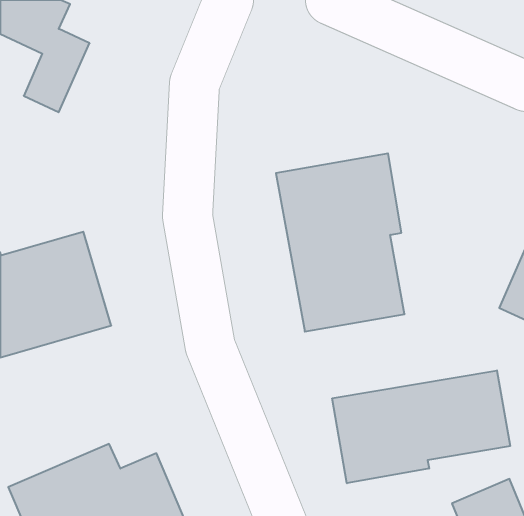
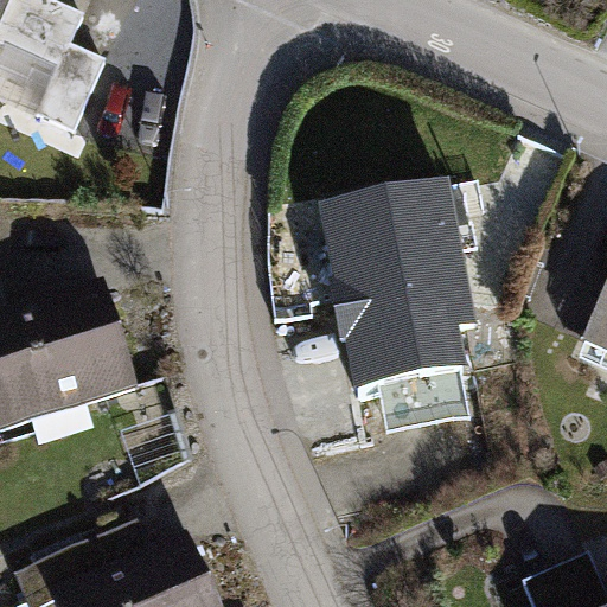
building: [332,370,510,483] -> none

